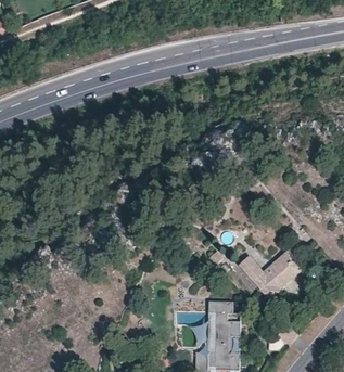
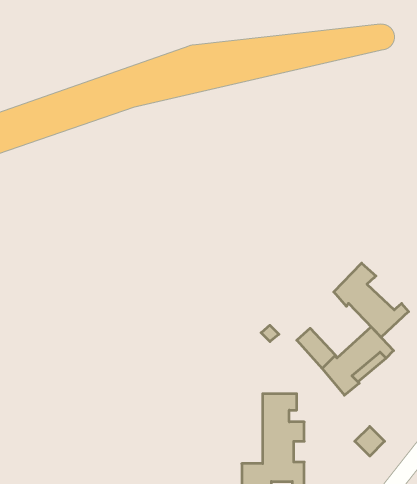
building: none -> [334,263,409,337]

